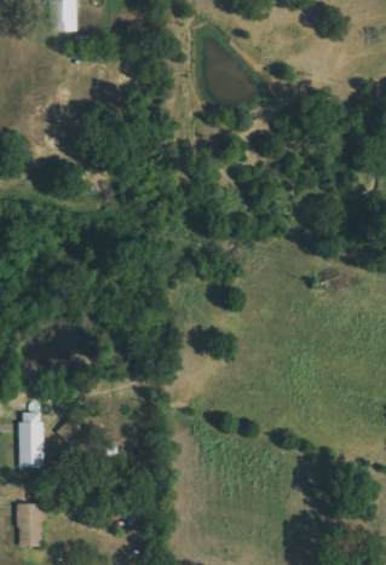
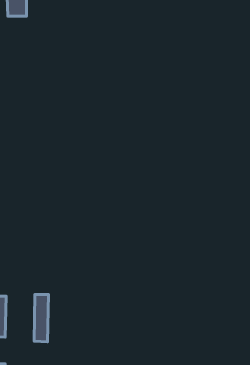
building: none -> [34,294,48,342]

